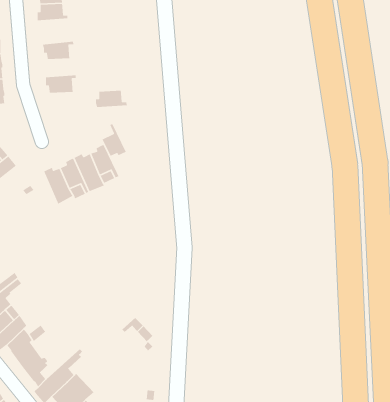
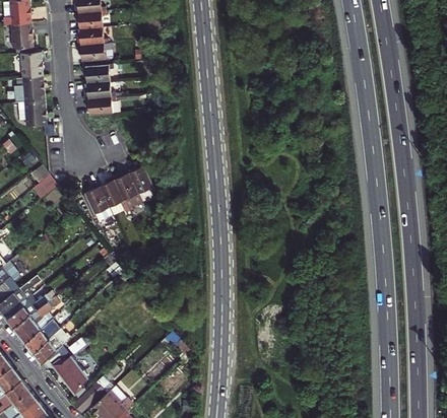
building: none -> [77,44,113,63]
building: [95,90,128,108] -> [84,82,116,99]
building: [102,123,127,157] -> none

